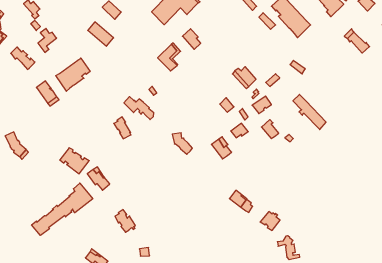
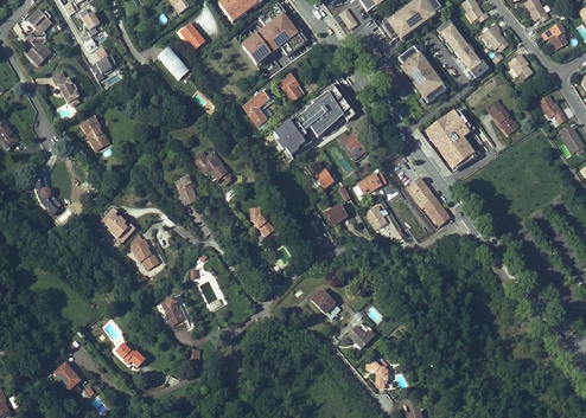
building: none -> [274,84,353,156]
building: none -> [423,108,474,168]
building: [56,58,90,91] -> none
building: [32,183,93,235] -> none

